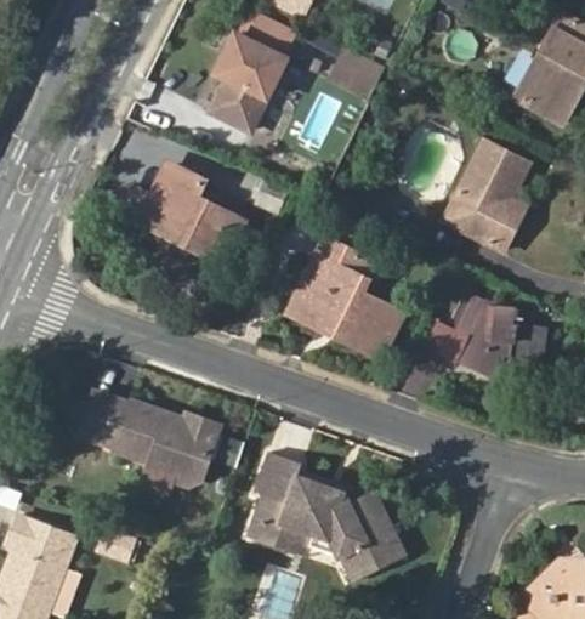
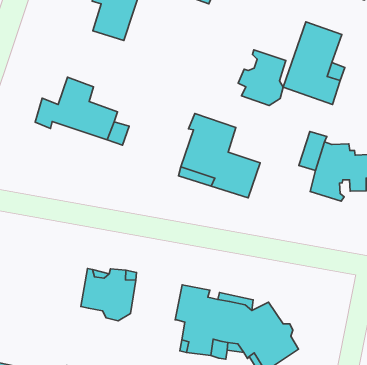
building: none -> [238,50,286,105]
building: [78,396,157,461] -> none

